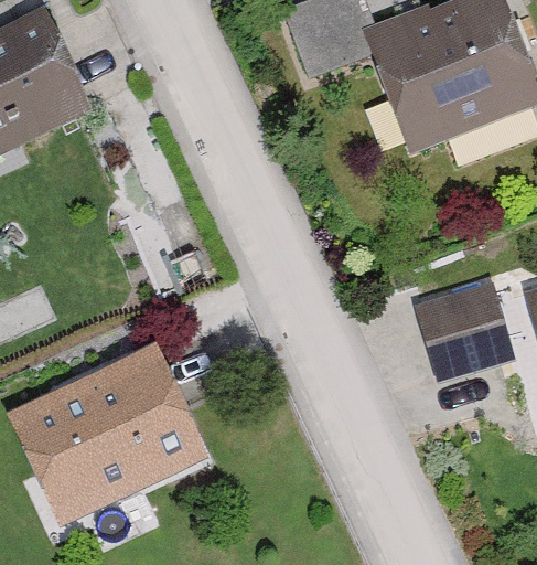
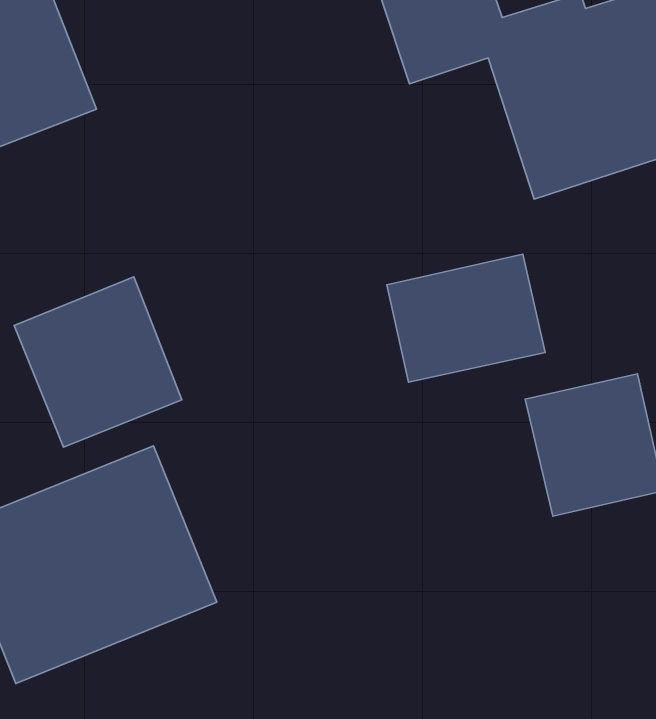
building: none -> [387,254,545,382]
building: none -> [14,277,182,447]

